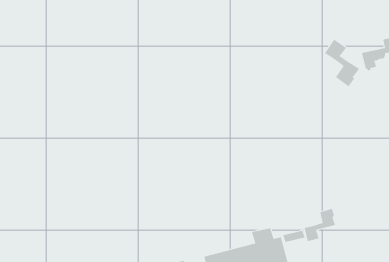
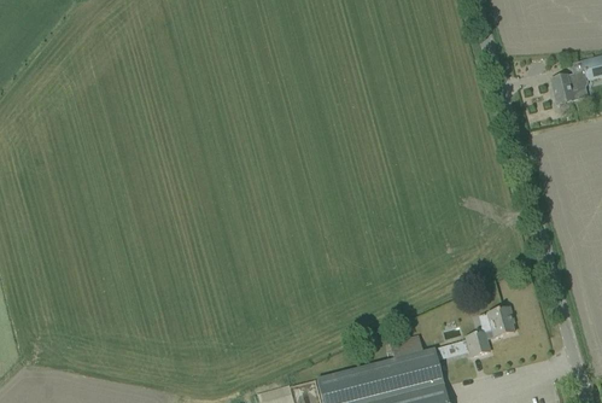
building: [324,39,360,87] -> none

